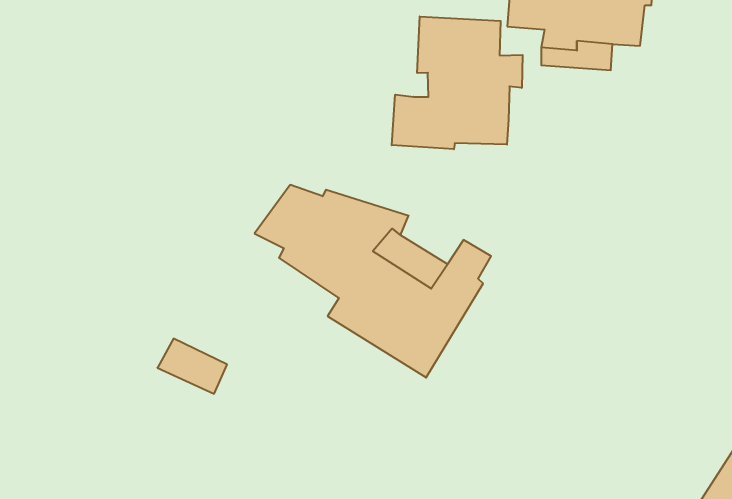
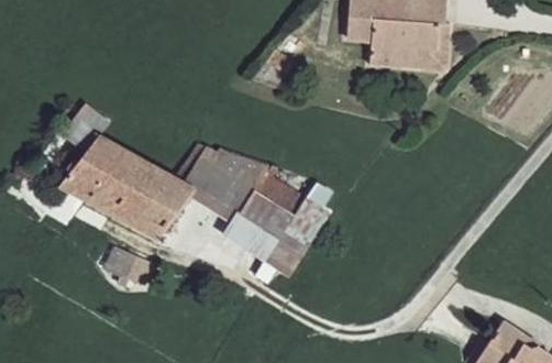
building: [392,16,523,149] -> none
building: none -> [60,105,195,239]

